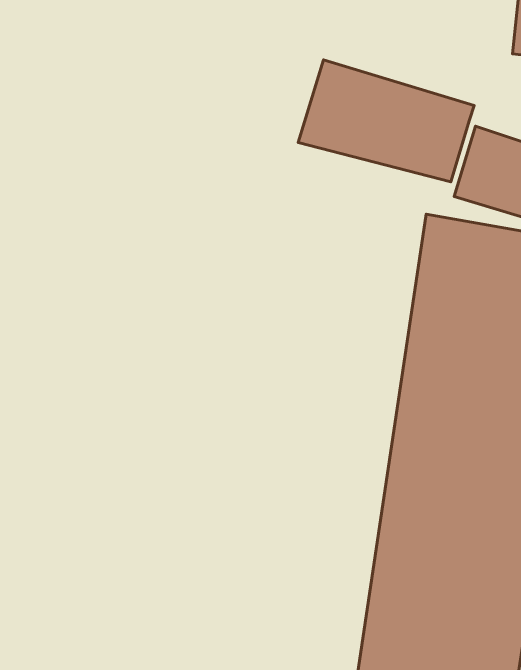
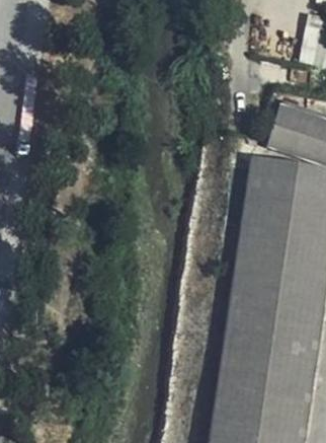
building: [298,60,474,182] -> none

